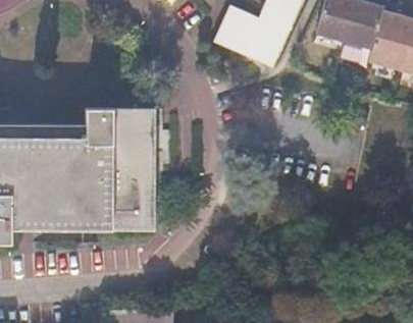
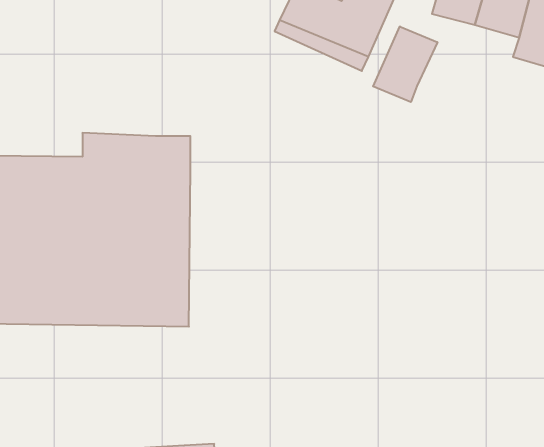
building: none -> [373,26,437,102]

